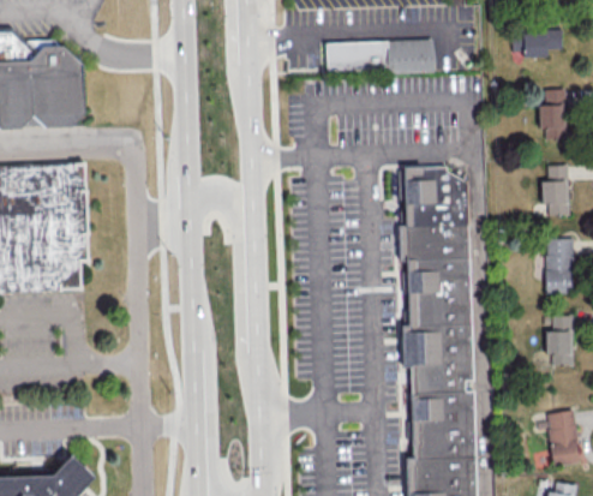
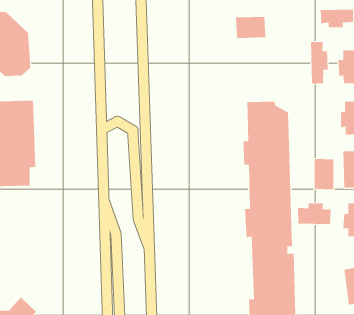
building: [324,42,388,72] -> none
building: none -> [310,41,328,84]
building: none -> [314,158,334,190]
building: none -> [298,203,331,225]

